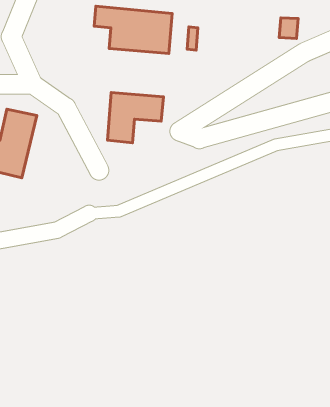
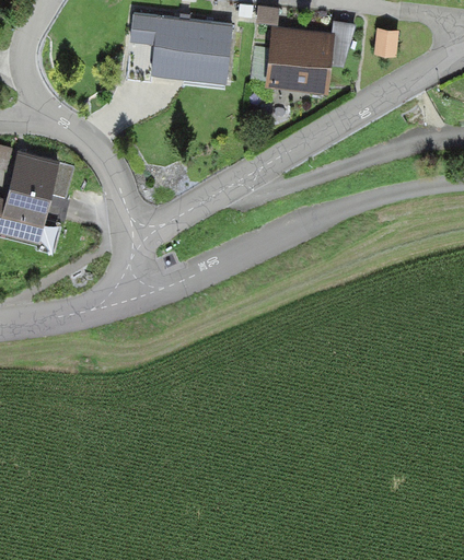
building: none -> [267,30,335,90]
building: [107,93,164,143] -> none

